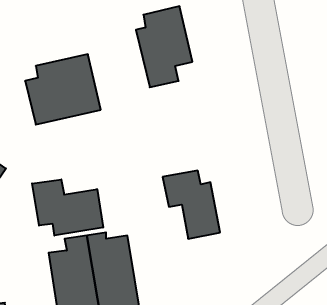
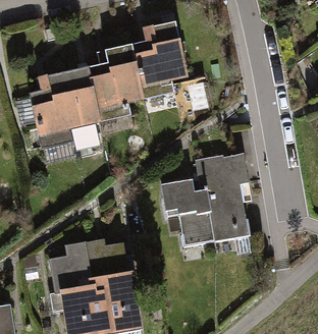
building: none -> [87,45,146,123]
building: none -> [195,151,250,238]
building: [32,179,103,236] -> none

